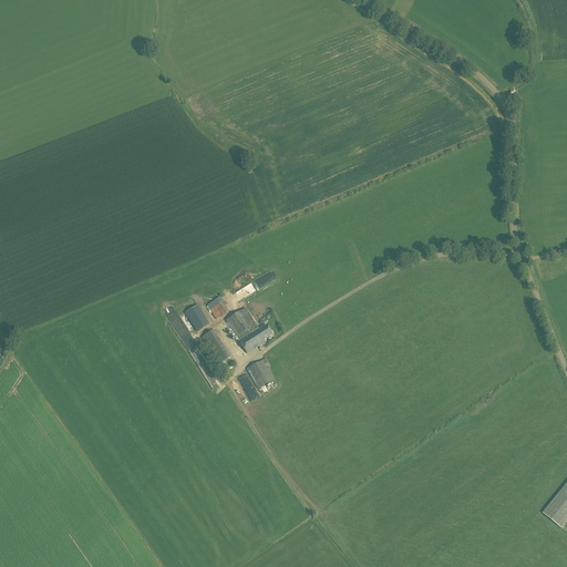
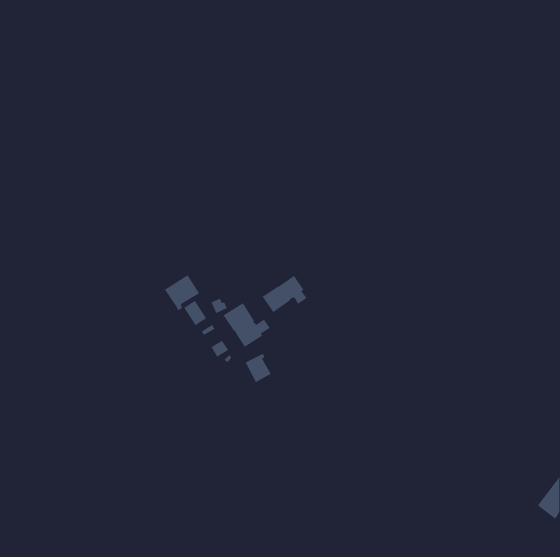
building: none -> [164,274,200,311]
building: none -> [261,275,308,313]

